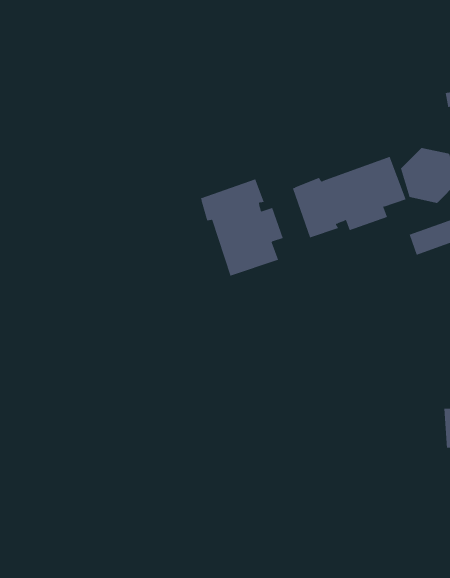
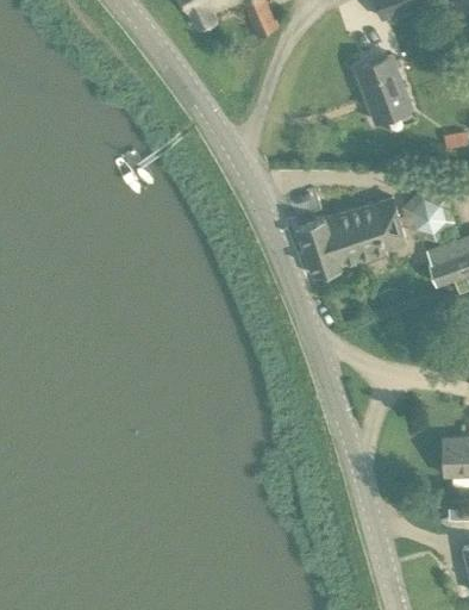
building: none -> [357,58,412,123]
building: [201,179,283,276] -> none

